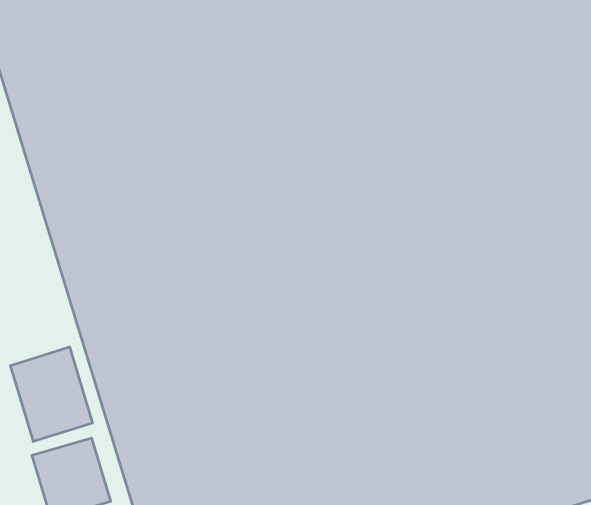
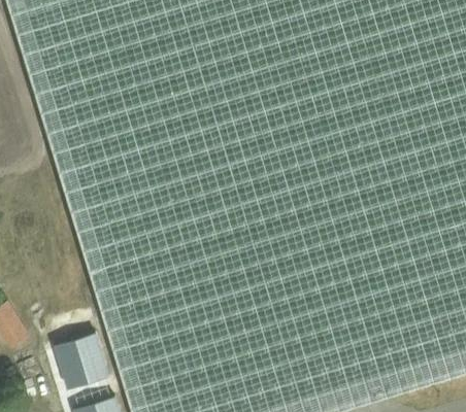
building: [10,347,92,442] -> none

